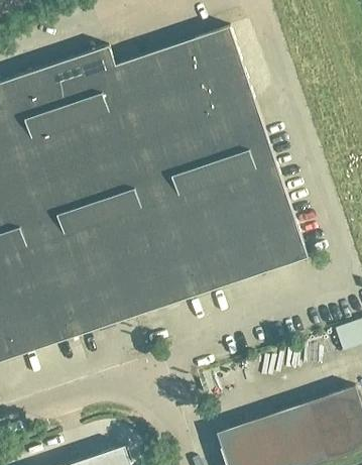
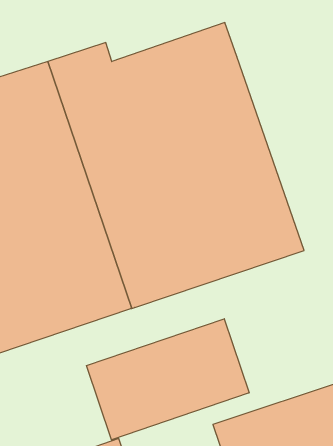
building: none -> [87,319,249,440]

